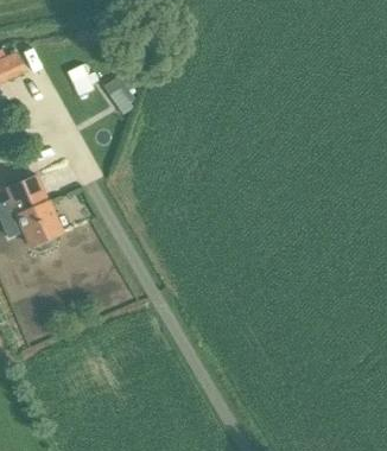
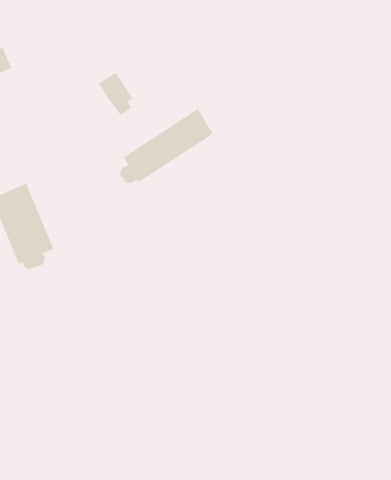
building: none -> [119,108,214,184]

